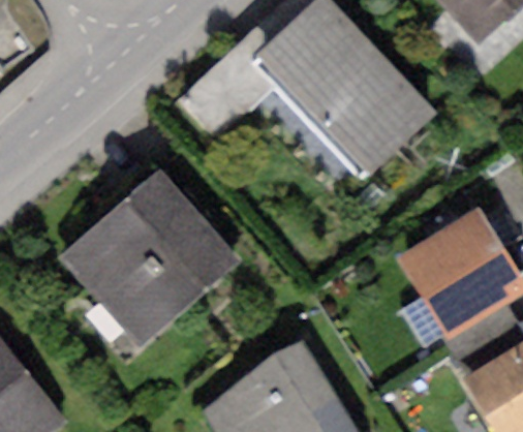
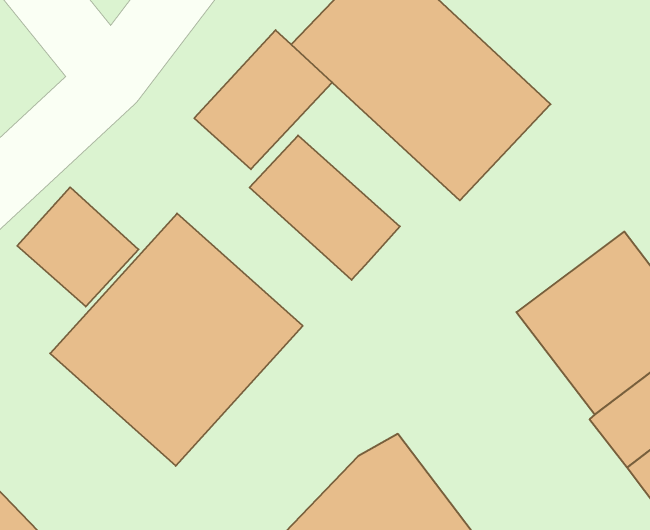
building: none -> [250,135,400,280]
building: none -> [17,187,139,307]

